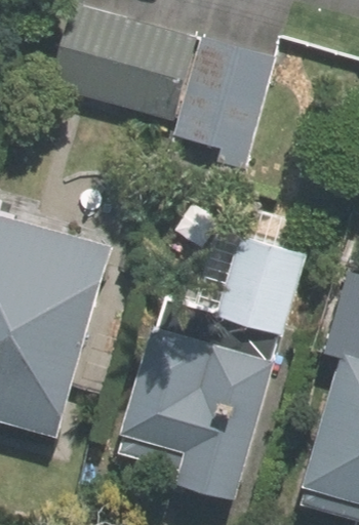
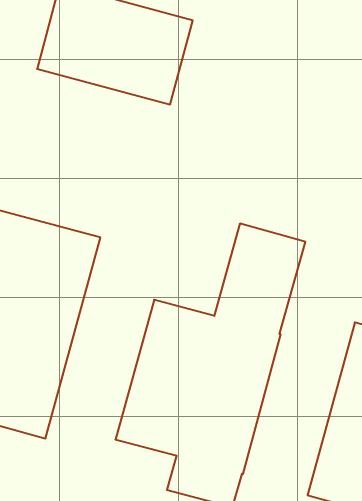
building: [176,31,275,153] -> none

